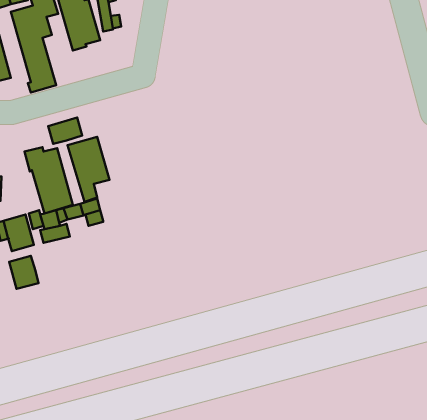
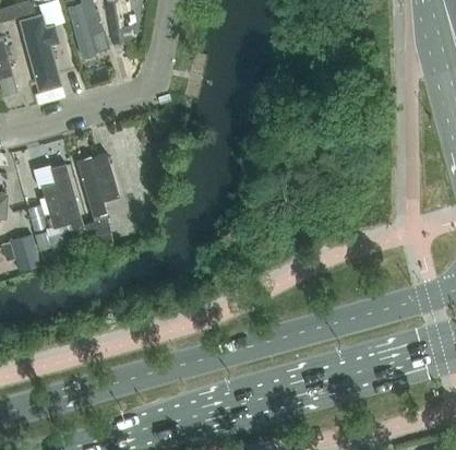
building: [48,117,82,144] -> none
building: [9,256,38,289] -> none

